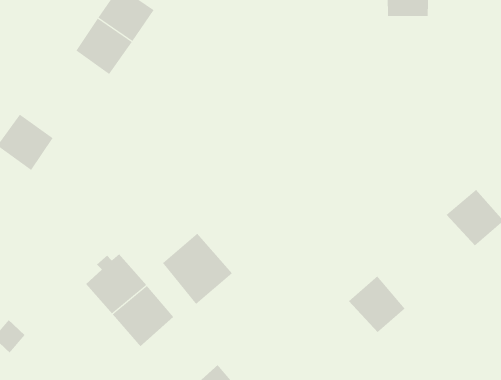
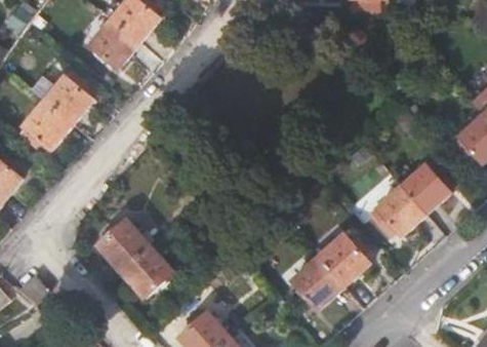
building: none -> [42,76,88,122]
building: none -> [377,187,425,235]
building: [162,233,233,305] -> none
building: none -> [294,260,343,308]

